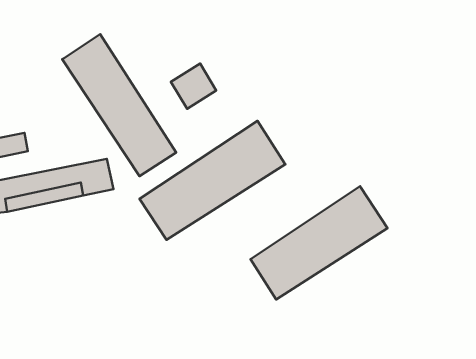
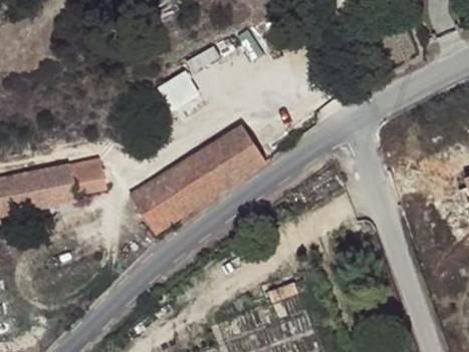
building: [62,34,176,176] -> none
building: [250,186,388,299] -> none

